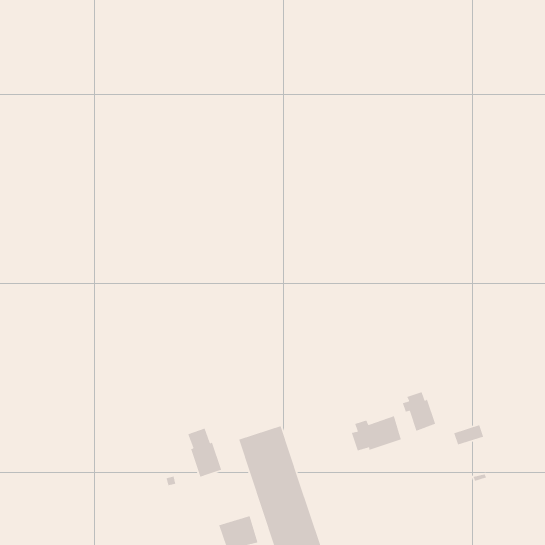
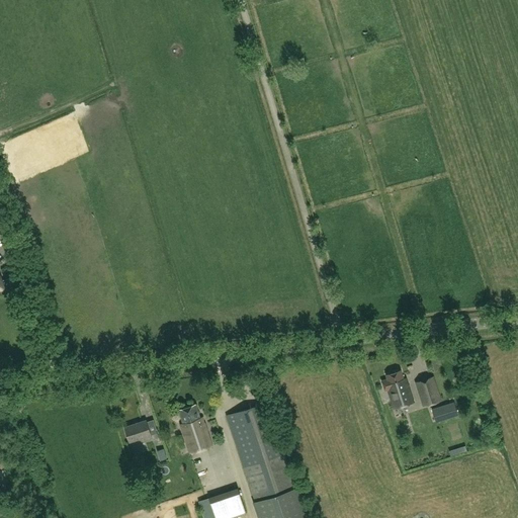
building: none -> [415,377,439,407]
building: [351,415,402,451] -> none
building: none -> [123,422,157,442]

